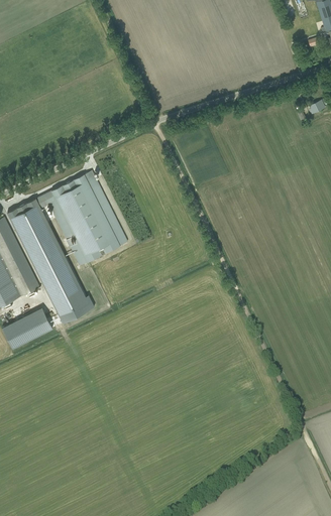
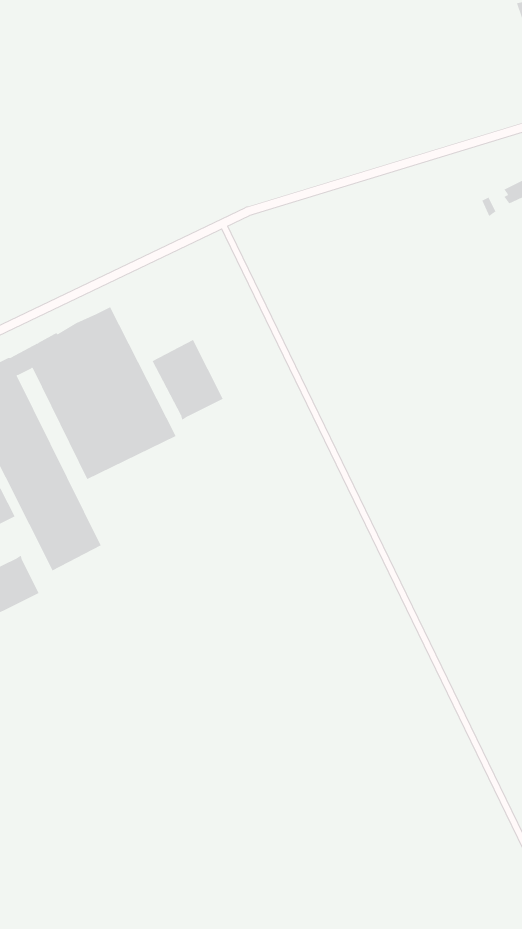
building: none -> [152,339,224,421]

